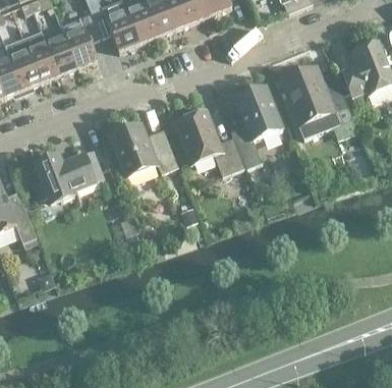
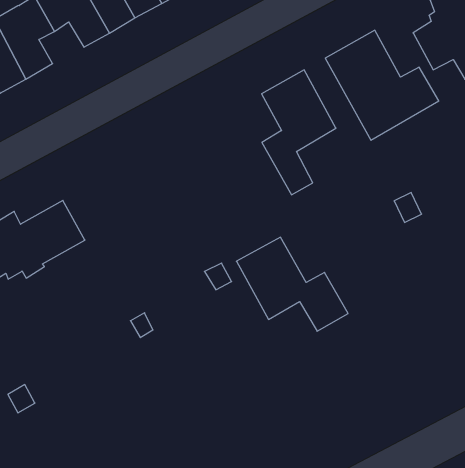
building: [174,109,244,175] -> [236,237,348,331]
building: [109,121,178,175] -> none

